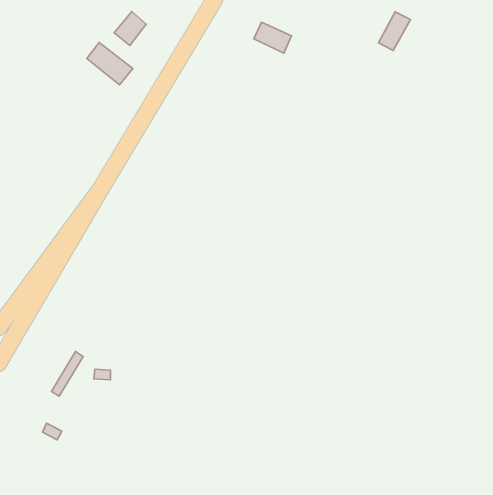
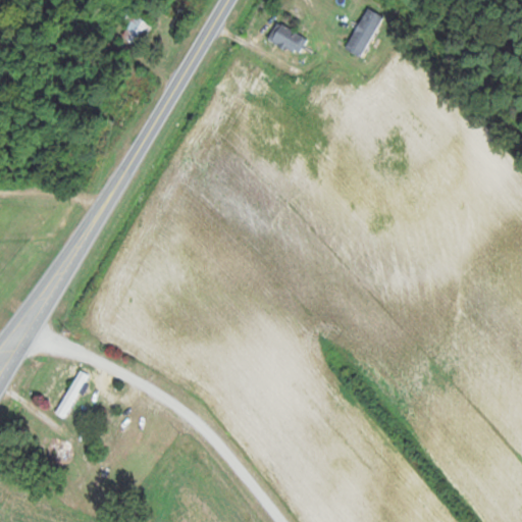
building: [379,12,411,50] -> [346,16,379,57]
building: [87,43,133,85] -> none

